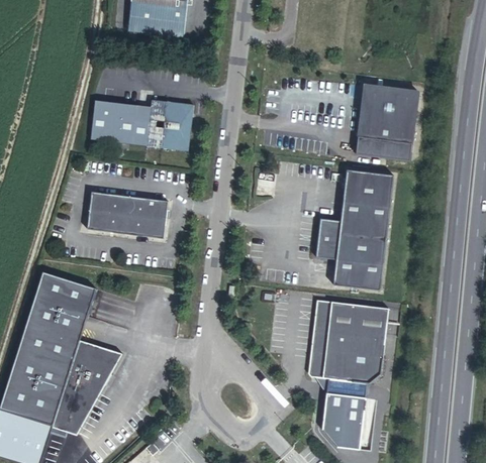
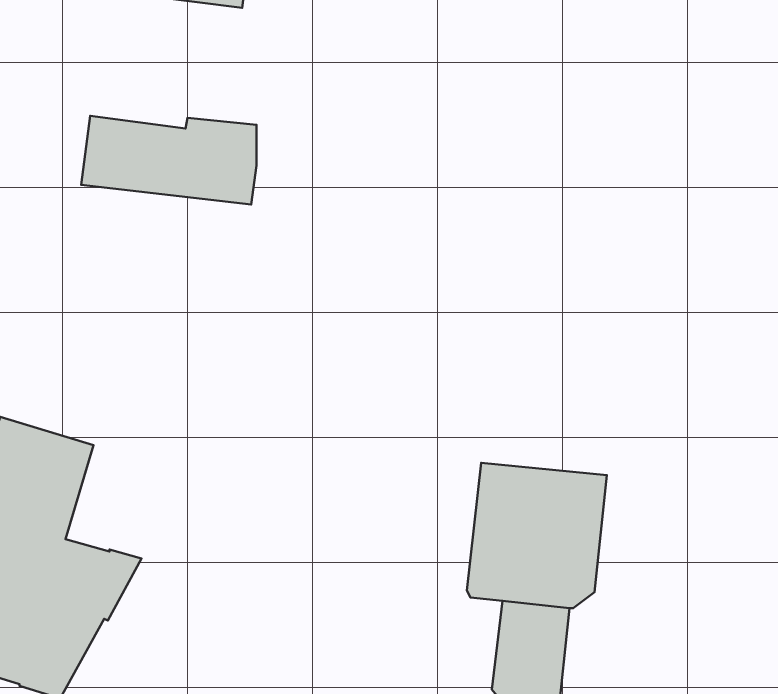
building: [358,84,420,158] -> none
building: [315,167,394,287] -> none
building: [86,192,166,238] -> none

